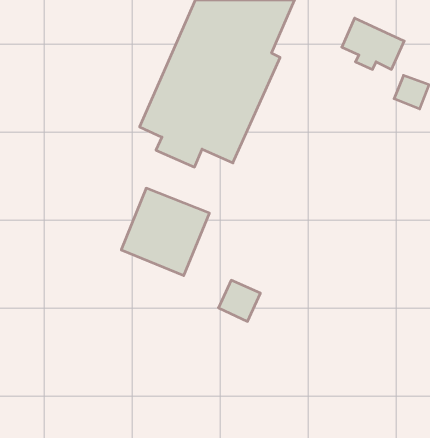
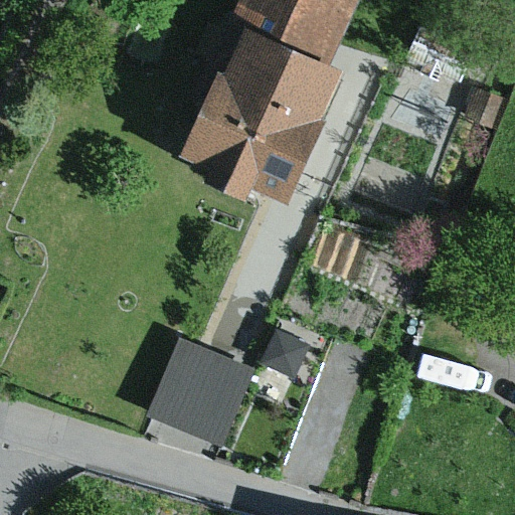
building: [121,188,209,276] -> [154,341,258,444]

